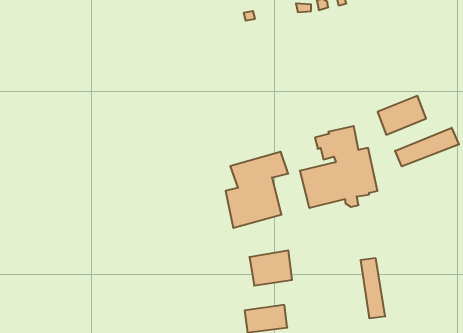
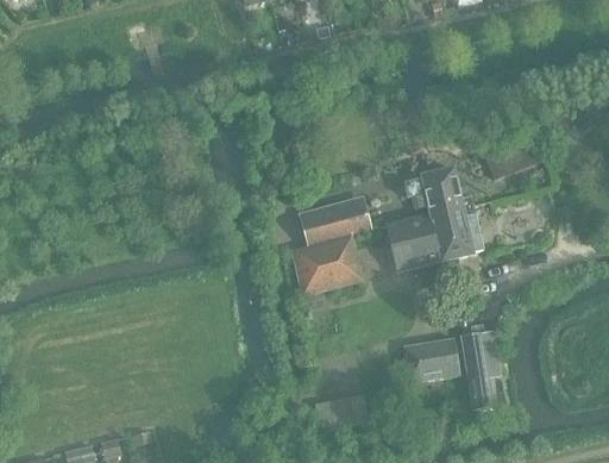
building: [395,128,459,166] -> none
building: [249,250,292,286] -> [404,337,458,381]

